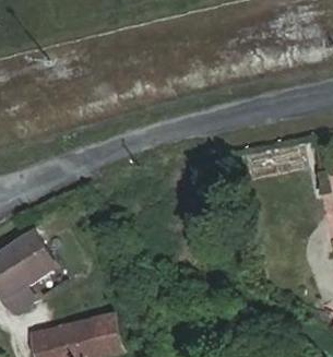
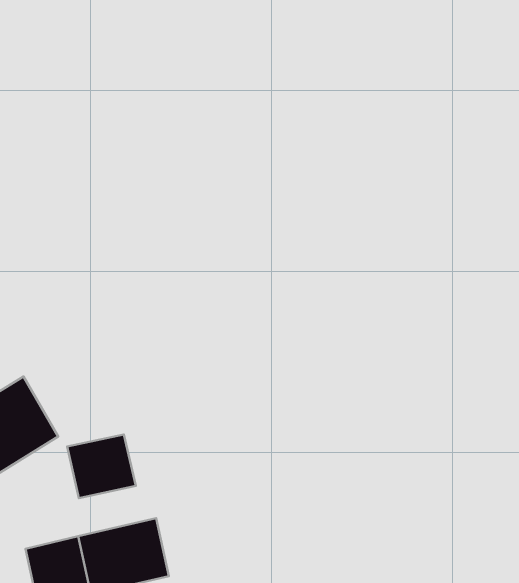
building: none -> [67,434,136,498]

